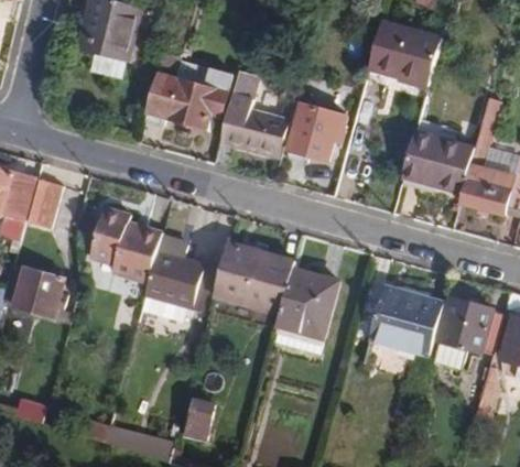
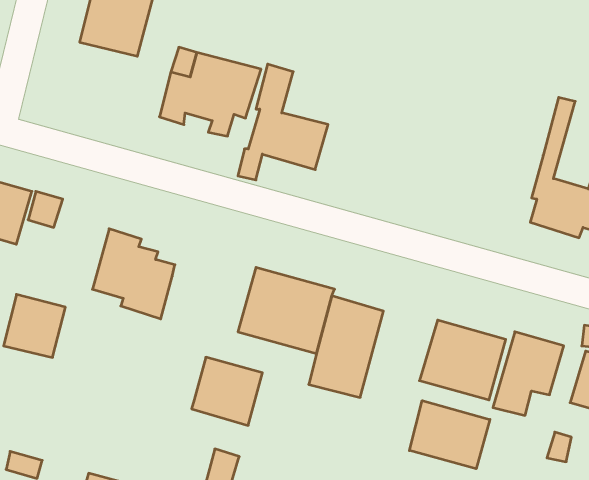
building: [368,20,441,83] -> none
building: [283,101,346,161] -> none
building: [401,129,474,193] -> none
building: [144,249,205,307] -> [192,357,262,425]
building: none -> [409,401,490,469]

